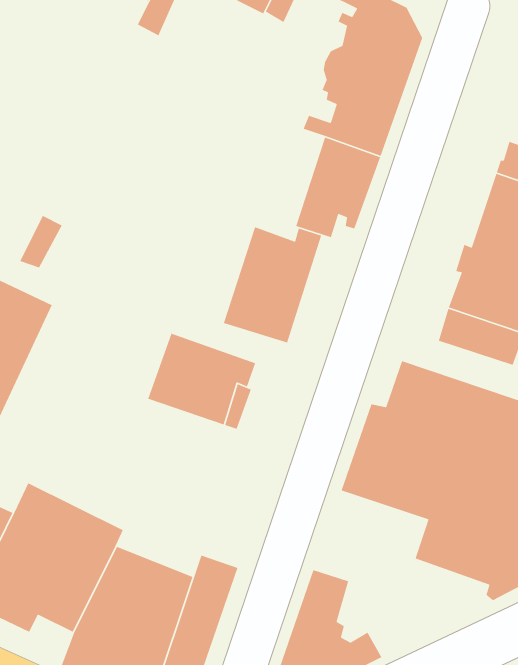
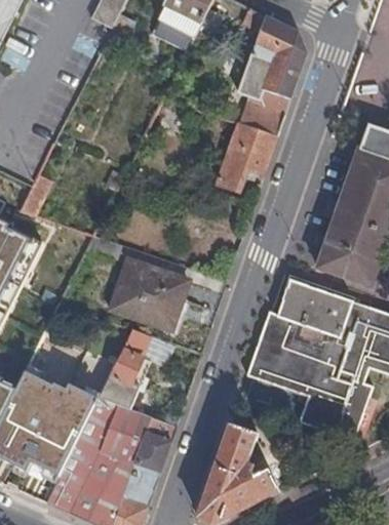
building: [223,226,322,344] -> none
building: none -> [94,329,152,408]

